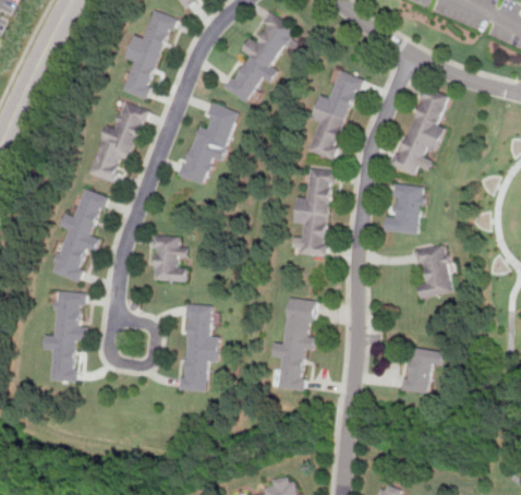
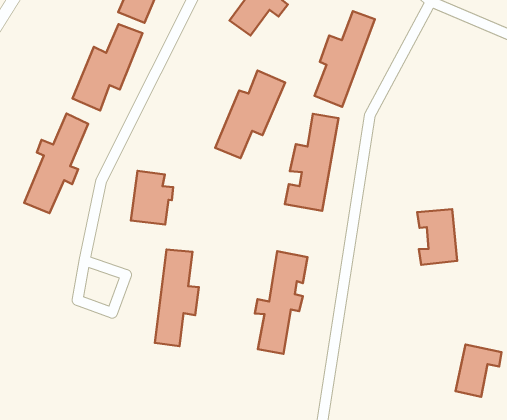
building: [395,86,447,174] -> none
building: [180,102,239,184] -> [215,71,285,158]
building: [385,184,422,233] -> none
building: [44,291,87,382] -> none
building: [403,347,443,394] -> [455,344,502,397]

